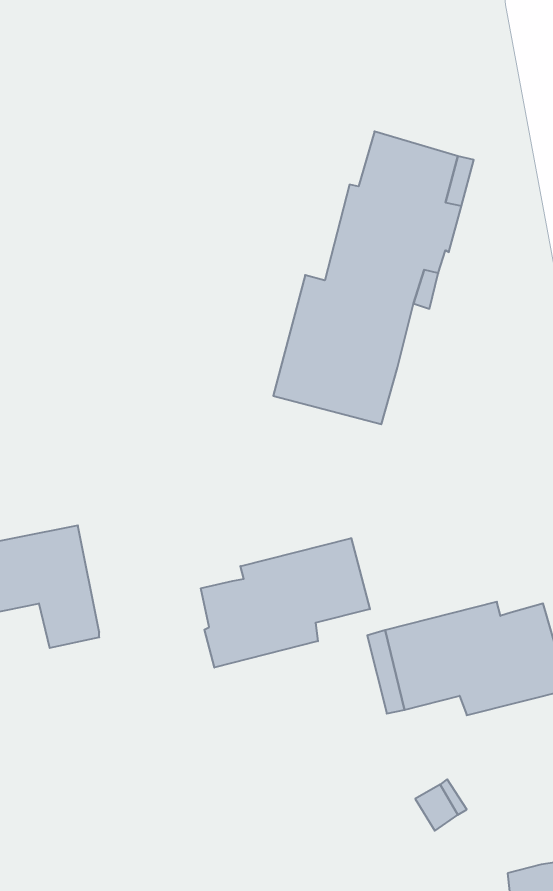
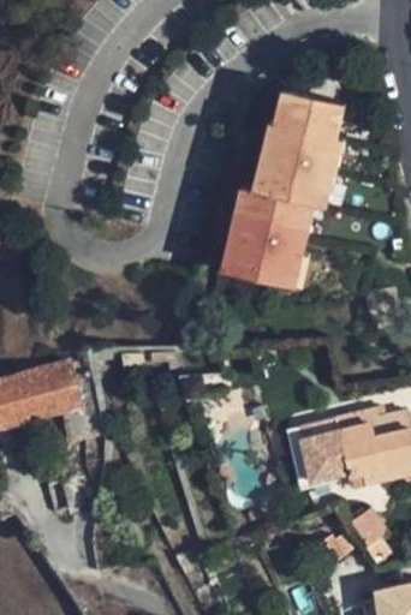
building: [201,538,370,668] -> none
building: none -> [349,506,391,562]

